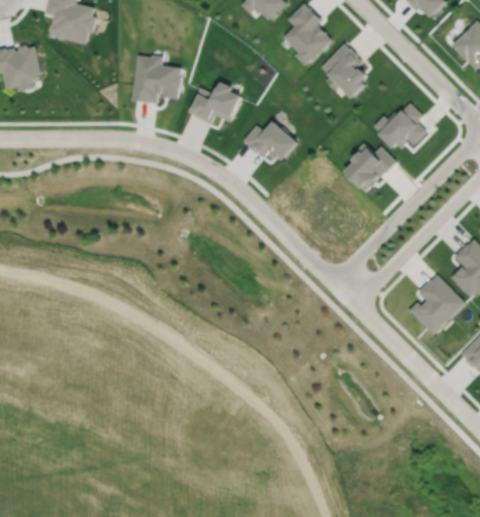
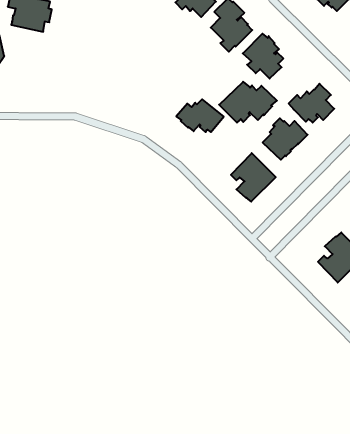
building: [131,55,182,103] -> none
building: [188,80,243,123] -> none
building: none -> [219,82,277,123]
building: none -> [231,153,276,202]

